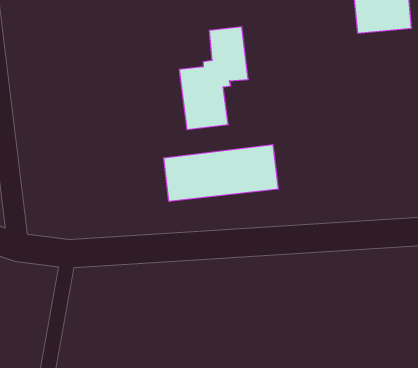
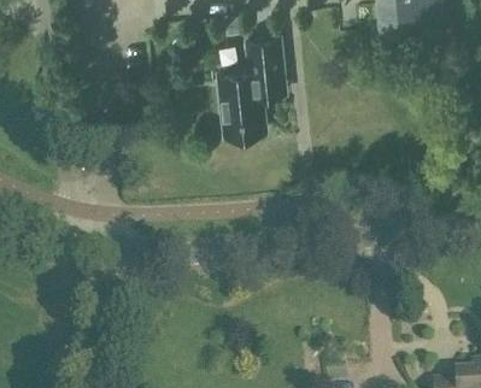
building: [164,144,278,201] -> none

